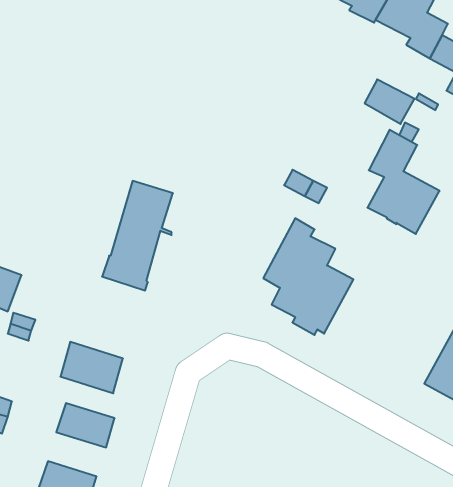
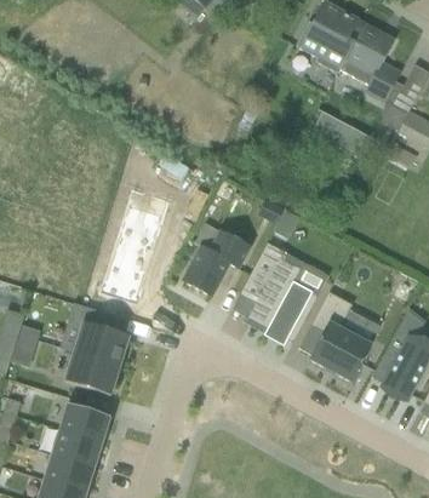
building: [367,130,440,234] -> [309,291,372,382]
building: none -> [183,230,250,294]
building: none -> [72,319,126,364]
building: none -> [52,428,103,466]

